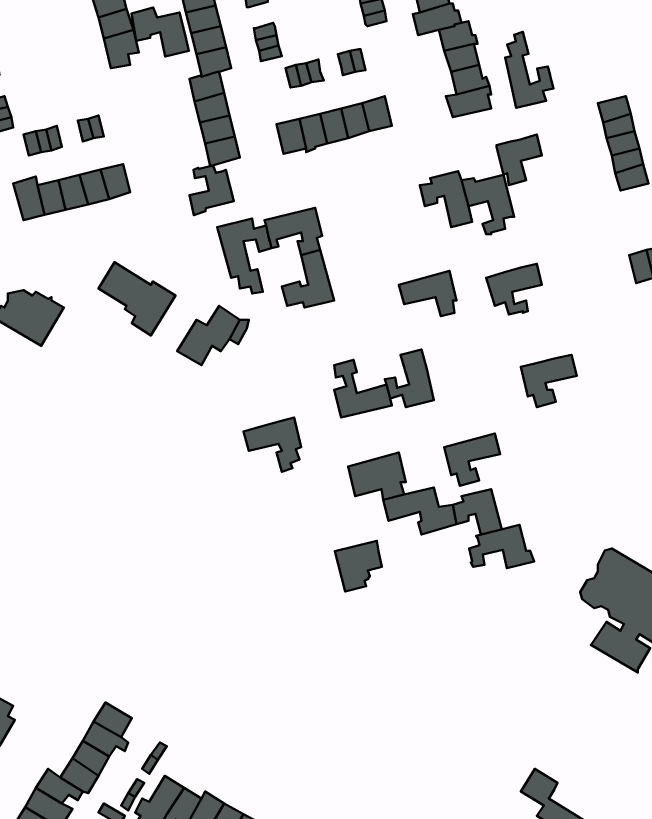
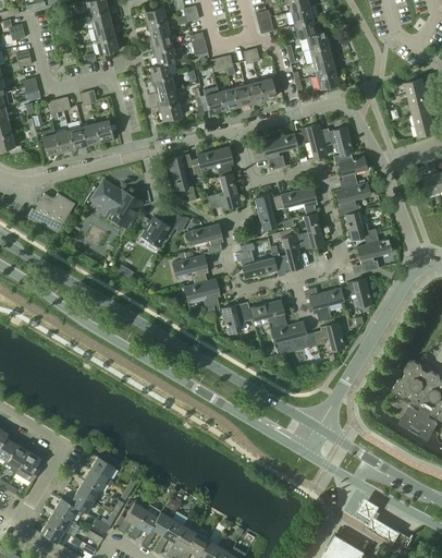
building: [132,8,189,57] -> none
building: [505,32,554,108] -> none
building: [497,135,542,185] -> [339,156,367,187]
building: [189,165,234,215] -> none
building: none -> [262,133,297,169]
building: none -> [255,193,284,230]
building: none -> [345,211,379,244]
building: none -> [295,213,324,248]
building: none -> [187,223,223,254]
building: none -> [172,253,209,283]
building: none -> [341,278,371,307]
building: [469,525,534,568] -> none
building: [335,541,382,591] -> [222,302,251,333]

